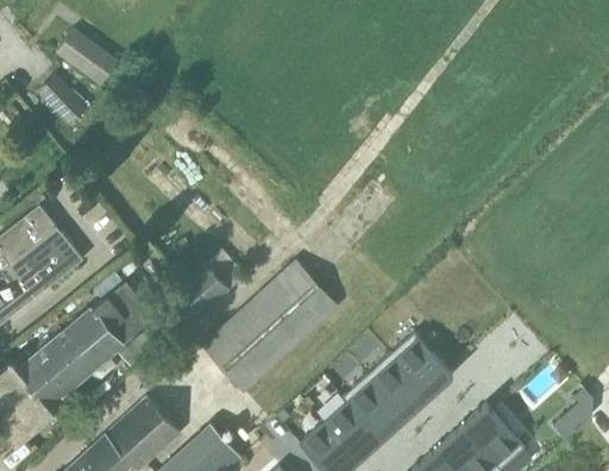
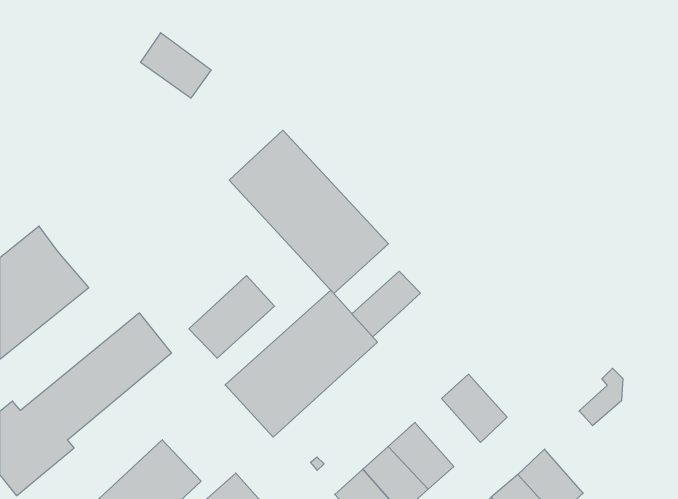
building: [56,26,119,84] -> [140,33,211,98]
building: [36,73,88,126] -> none
building: none -> [229,130,389,293]
building: none -> [352,271,420,337]
building: [371,357,429,417] -> none
building: [554,387,594,438] -> [579,368,623,426]

